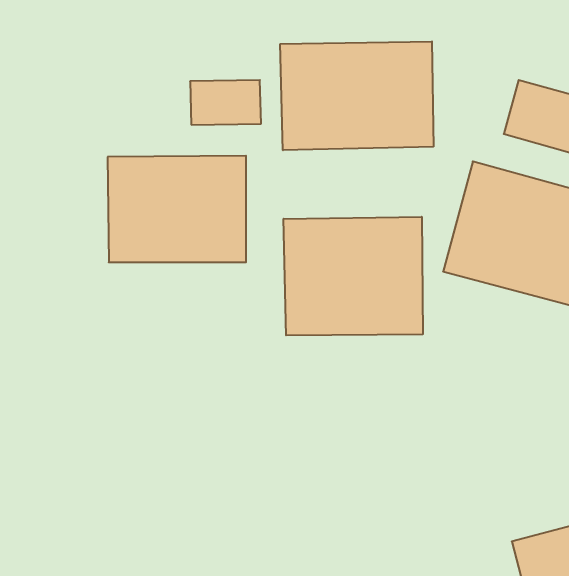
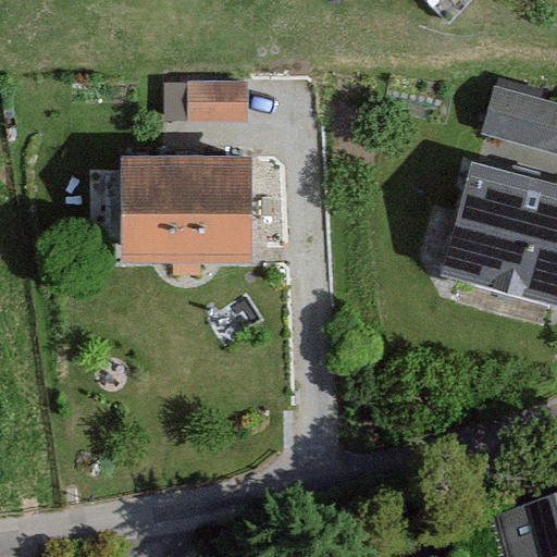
building: [280,41,433,150] -> none
building: [284,217,423,335] -> none

